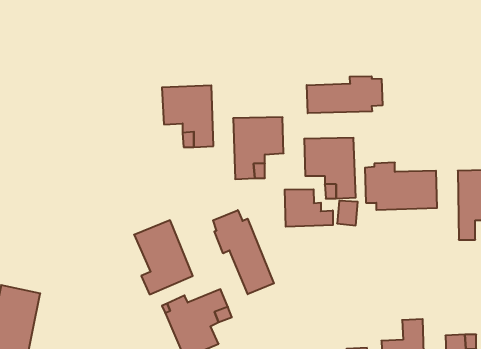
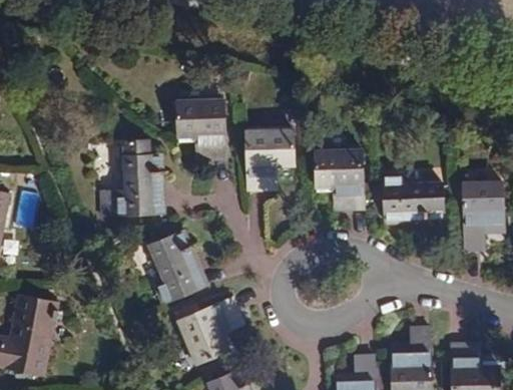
building: [307,76,382,113] -> none
building: none -> [100,139,162,216]
building: [285,189,333,227] -> none
building: [213,210,274,294] -> none

